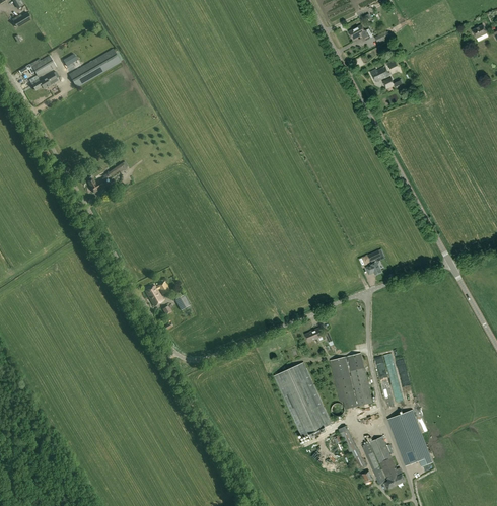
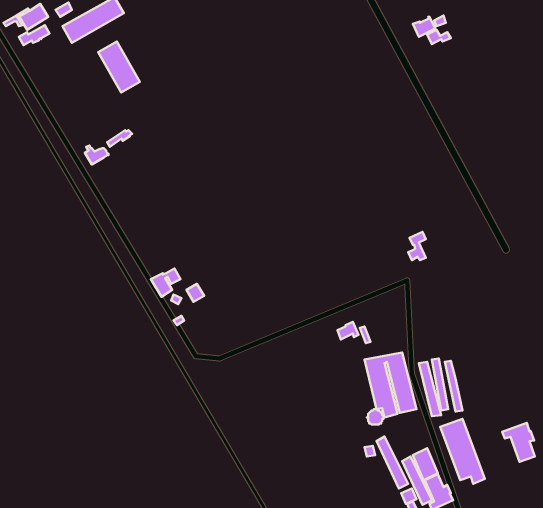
building: none -> [98,41,140,93]
building: [273,362,331,437] -> none
building: none -> [502,423,535,462]

